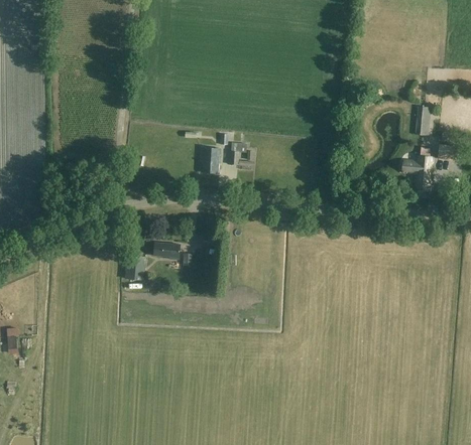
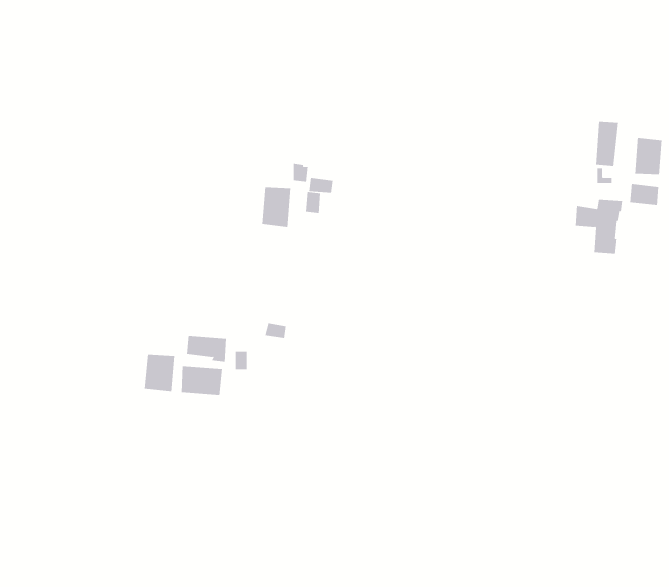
building: none -> [635,137,662,175]
building: none -> [181,365,222,396]

